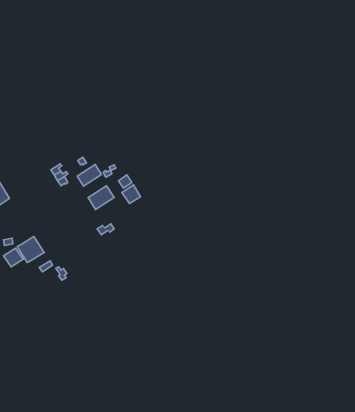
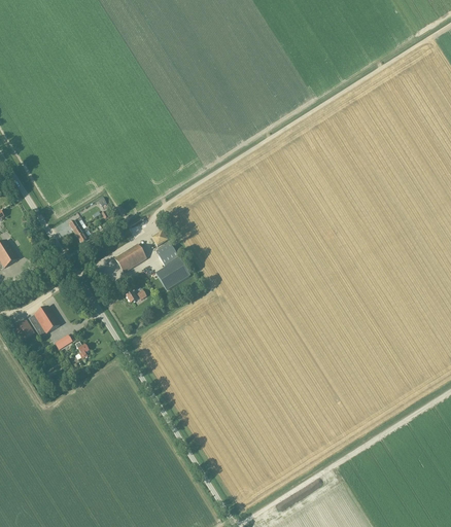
building: [77,165,102,186] -> none
building: none -> [157,258,189,289]

